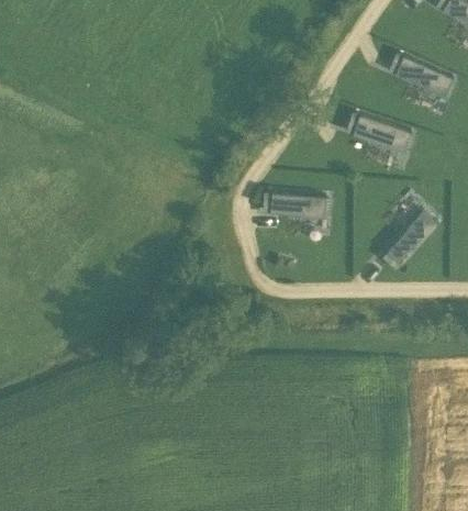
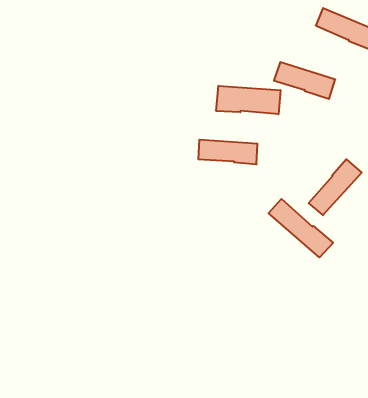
building: none -> [216,86,280,114]
building: none -> [269,199,333,257]

